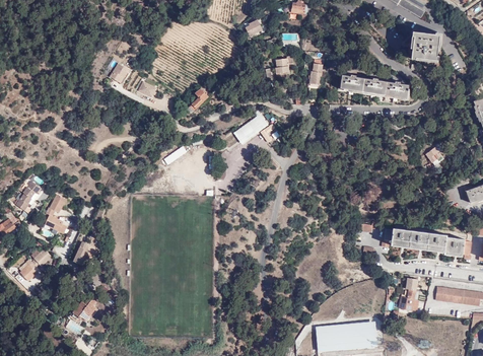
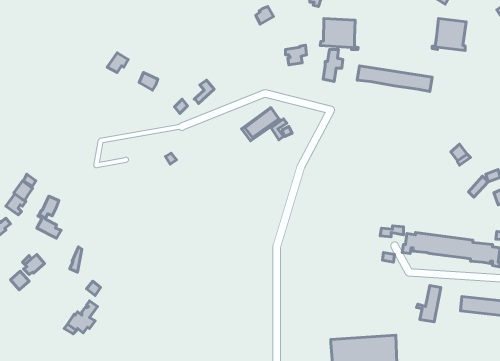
building: none -> [320,18,358,50]

